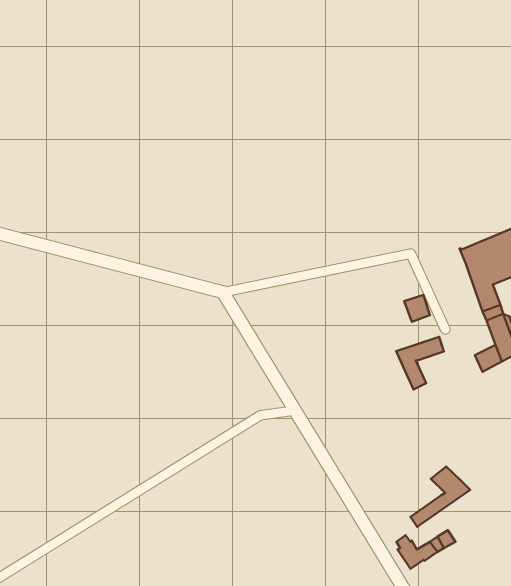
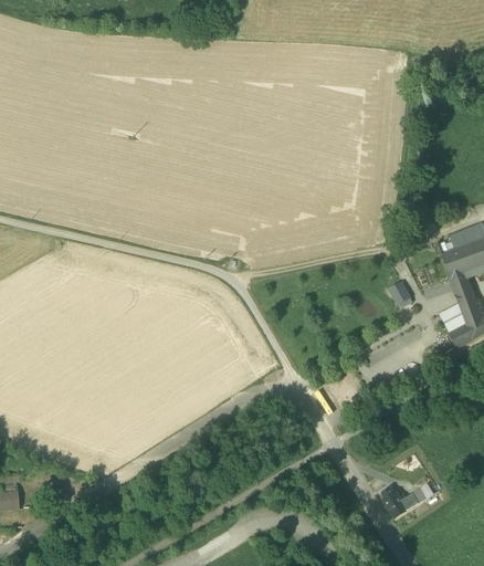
building: [396,337,444,389] -> none
building: [410,466,470,527] -> none

